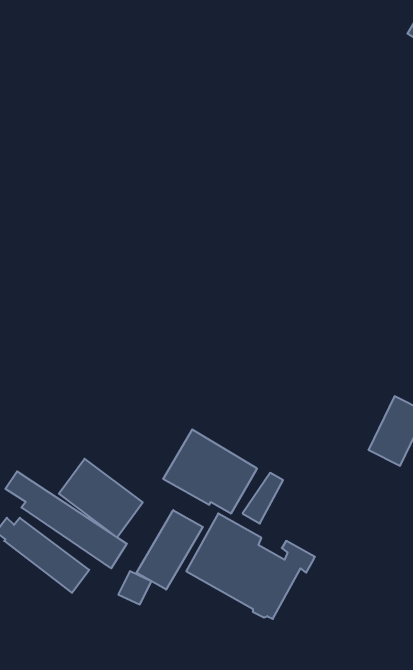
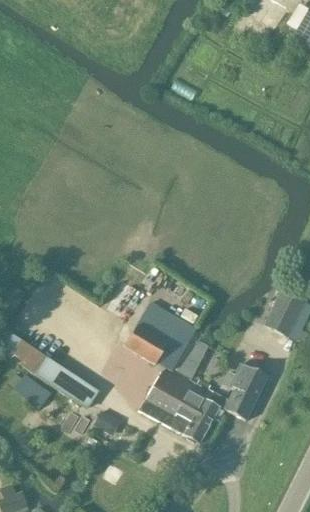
building: [59,459,143,537] -> none
building: none -> [225,362,269,419]
building: [136,510,203,590] -> none

